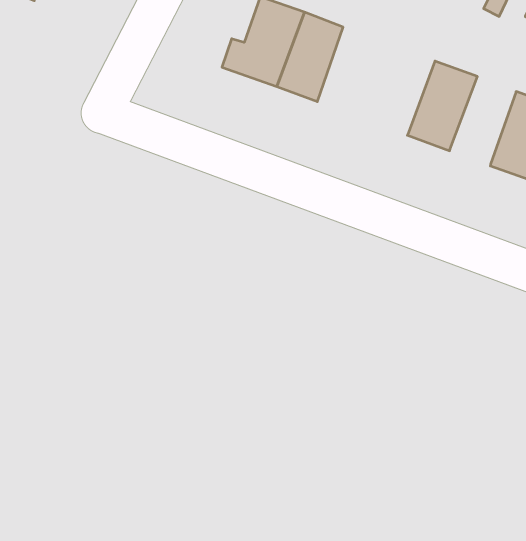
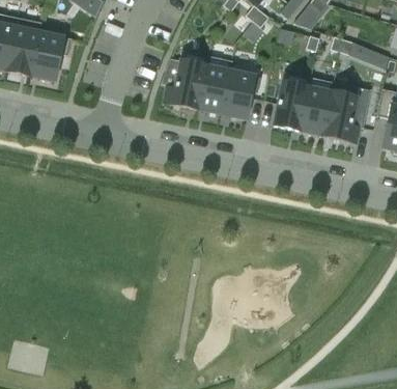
building: none -> [221,70,255,118]
building: none -> [299,86,331,134]

